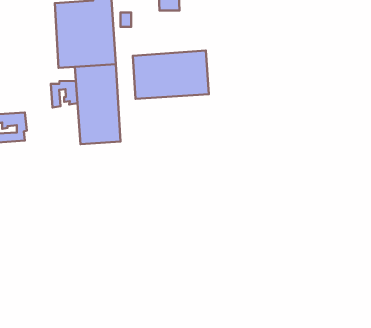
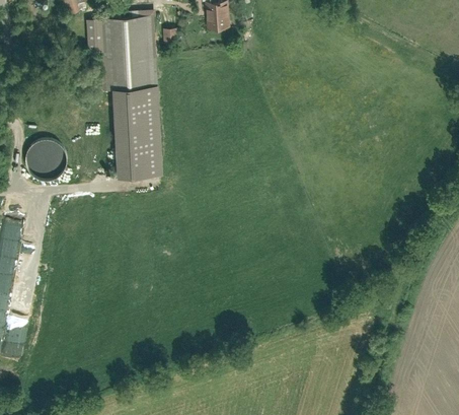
building: [133,50,209,99] -> none
building: [51,81,77,107] -> none

